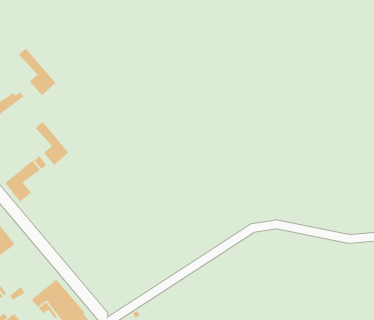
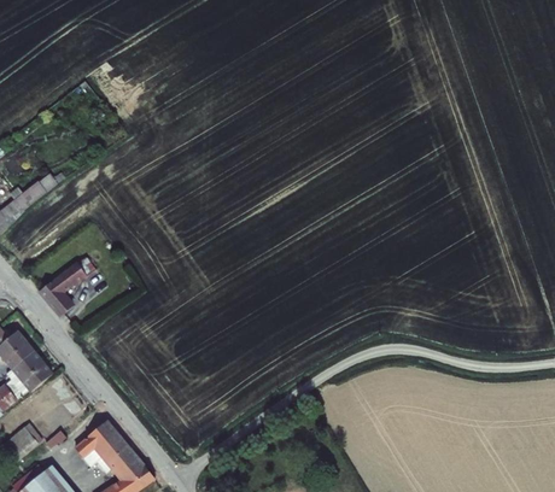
building: [18,48,56,96] -> none
building: [35,121,69,166] -> none

